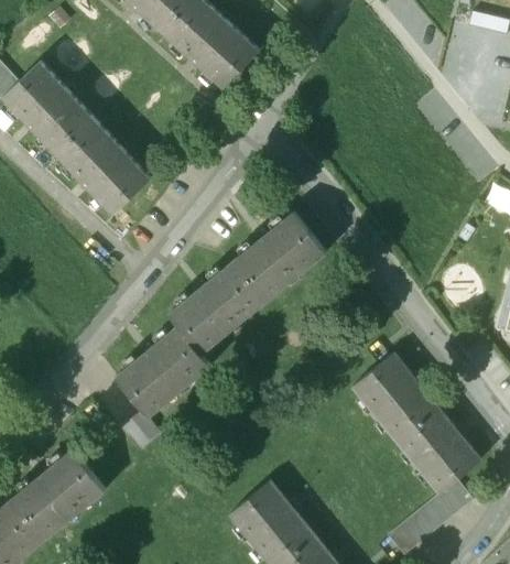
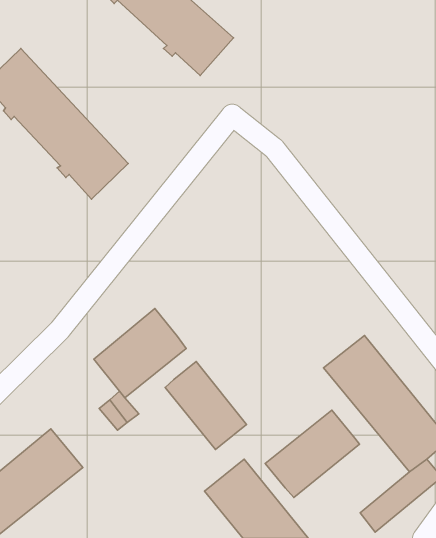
building: [169,214,326,356] -> none
building: none -> [165,361,246,449]
building: none -> [265,410,359,497]

